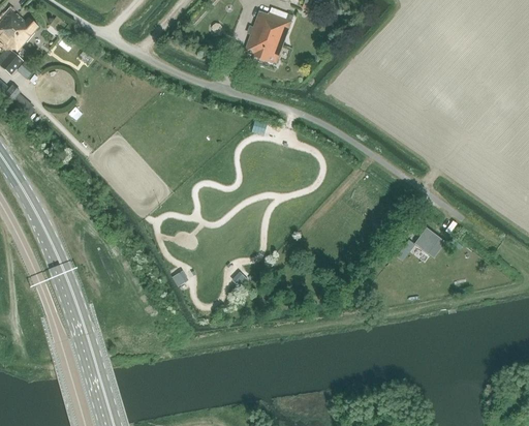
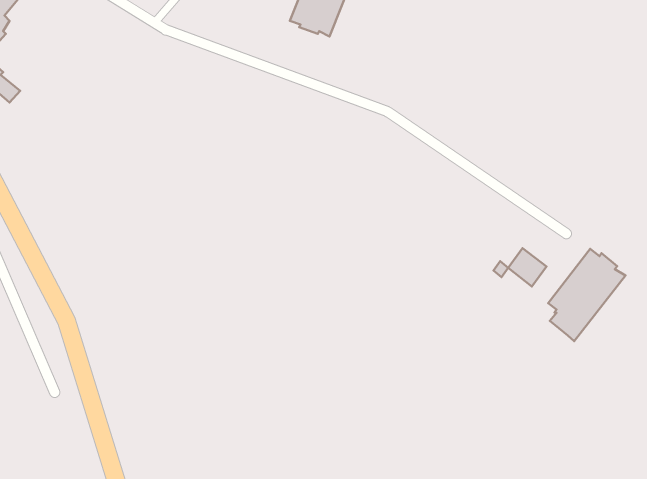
building: none -> [548,249,625,341]

